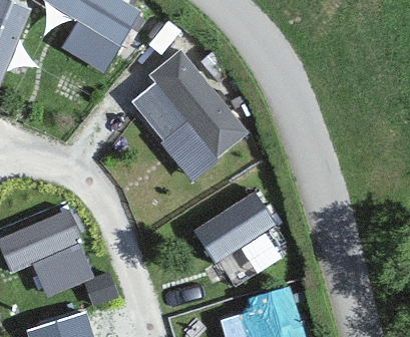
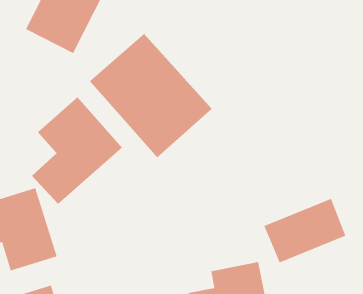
building: none -> [31,97,123,205]
building: [190,194,275,260] -> [263,198,346,263]

